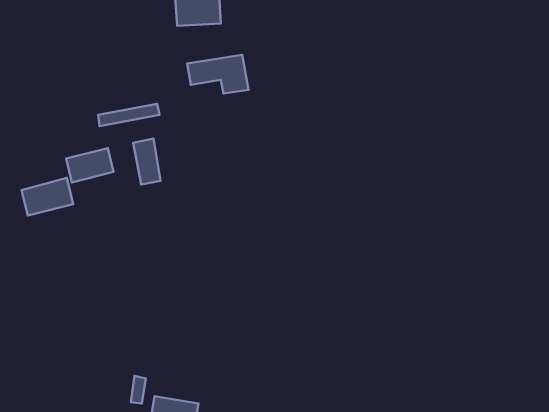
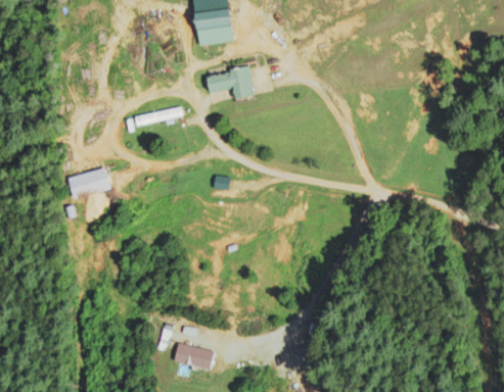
building: [133,139,160,184] -> none
building: [66,148,114,182] -> none

